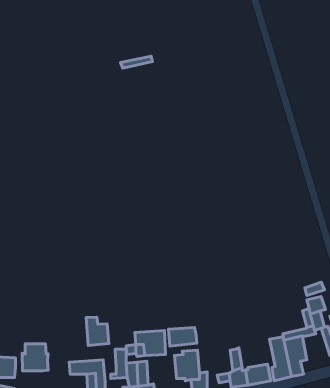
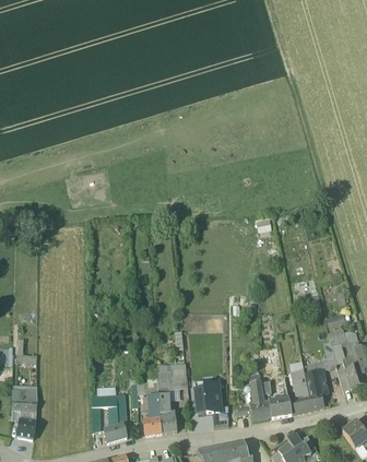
building: [86,317,109,345] -> none
building: [169,327,197,346] -> none
building: [22,344,48,371] -> none

